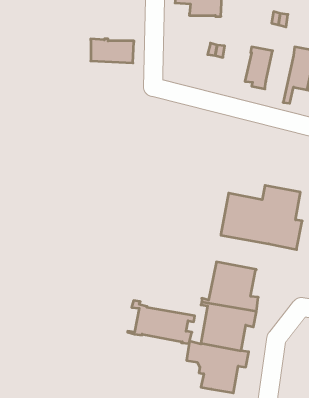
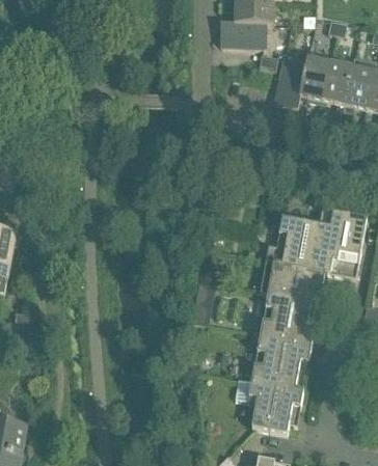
building: [91,39,134,63] -> [220,22,267,48]
building: none -> [274,59,306,109]
building: none -> [322,62,352,118]
building: [128,301,195,344] -> [252,255,325,302]

